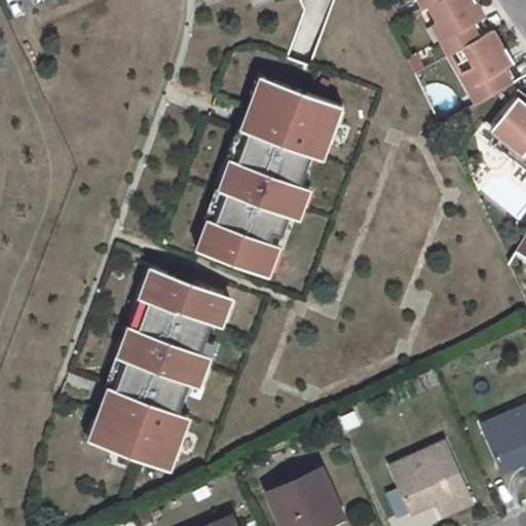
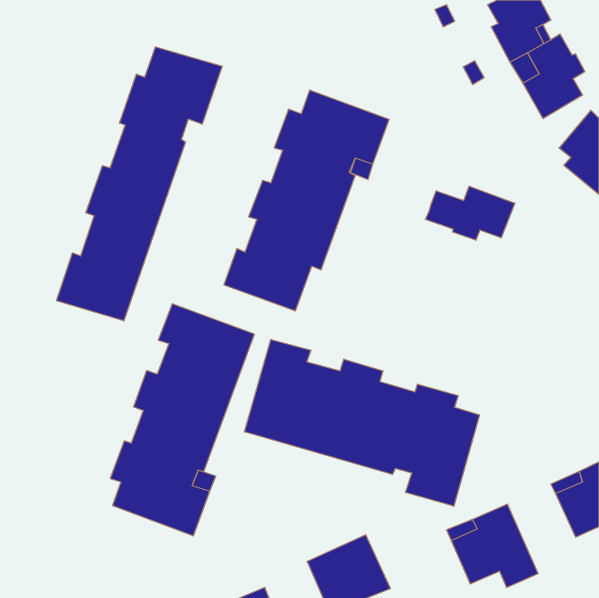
building: none -> [56,47,222,321]
building: none -> [426,186,515,240]
building: none -> [244,339,480,506]

